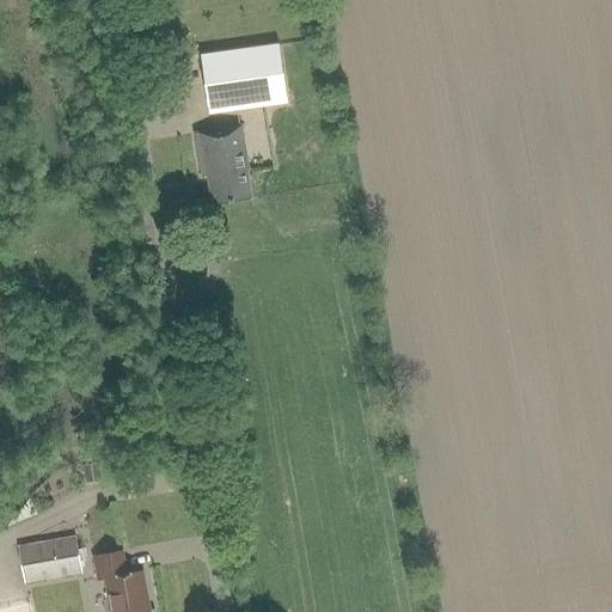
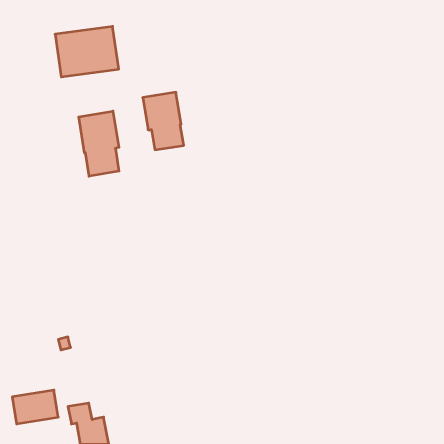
building: [200,42,287,111] -> [55,26,119,77]
building: none -> [79,111,119,176]

